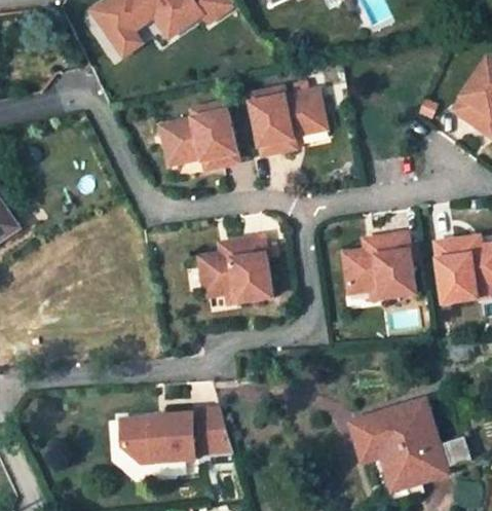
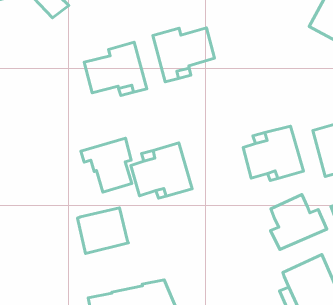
building: none -> [81,138,132,192]
building: none -> [77,208,128,254]
building: none -> [270,194,327,250]

